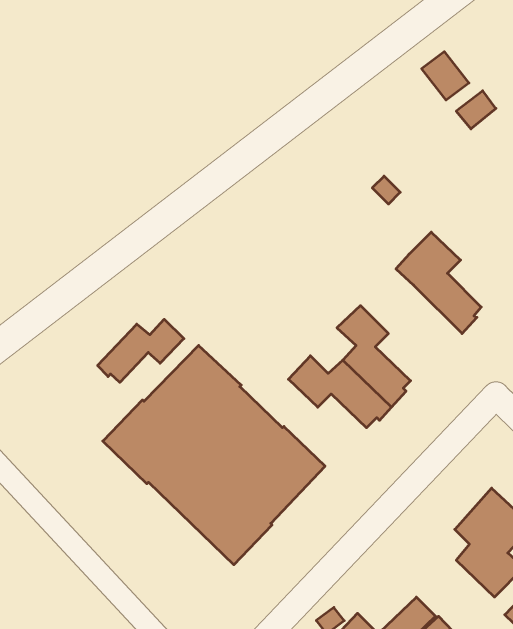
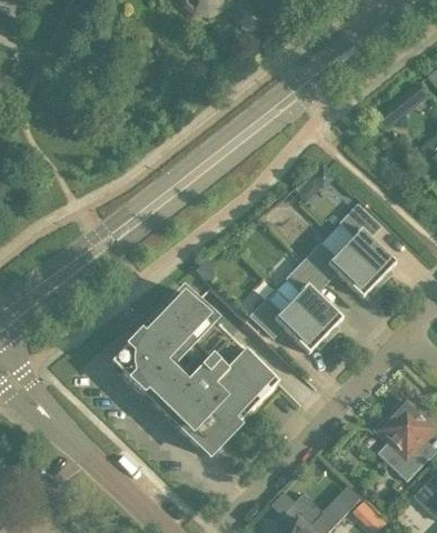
building: [422,52,469,100] -> none
building: none -> [306,243,383,298]
building: [98,319,184,382] -> none

